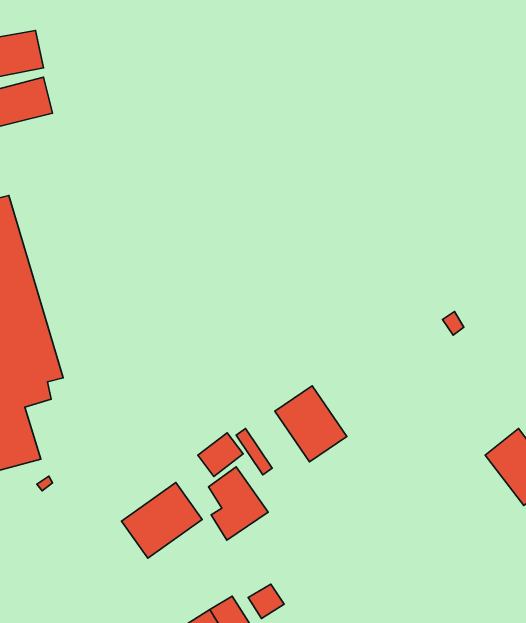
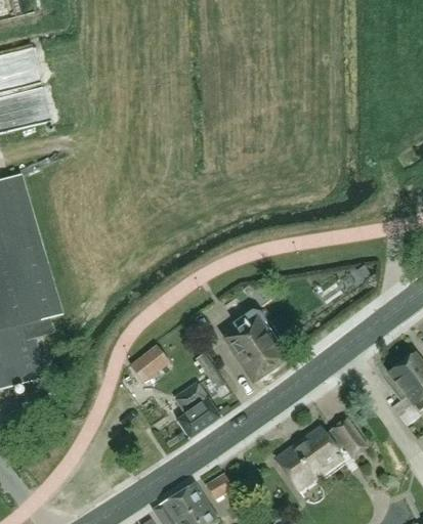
building: [198,433,243,477] -> [131,346,166,380]
building: [121,483,202,558] -> none
building: none -> [276,419,365,488]

